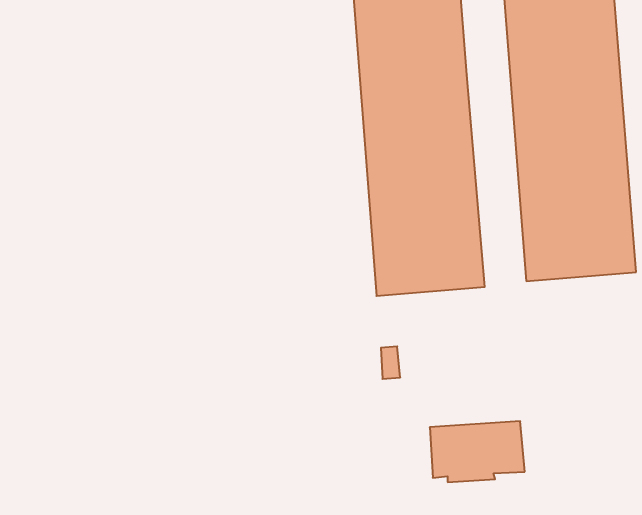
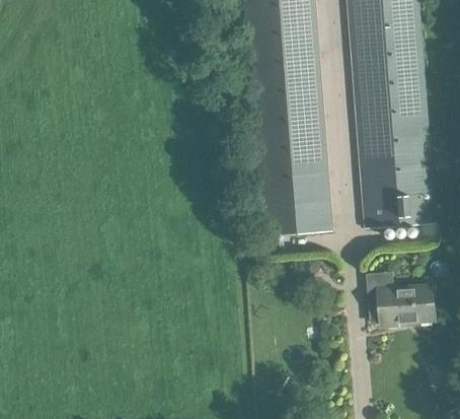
building: [430,421,525,482] -> [369,283,434,325]

